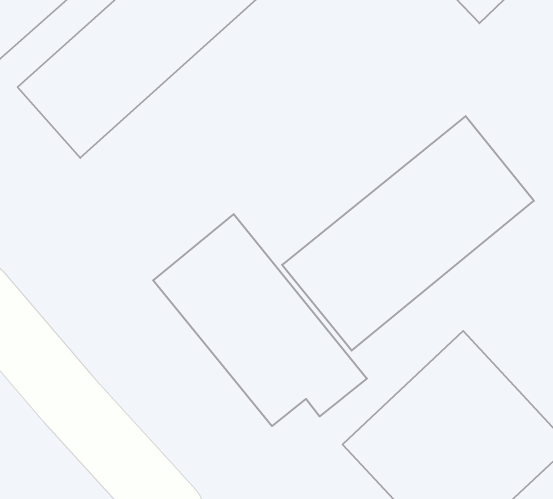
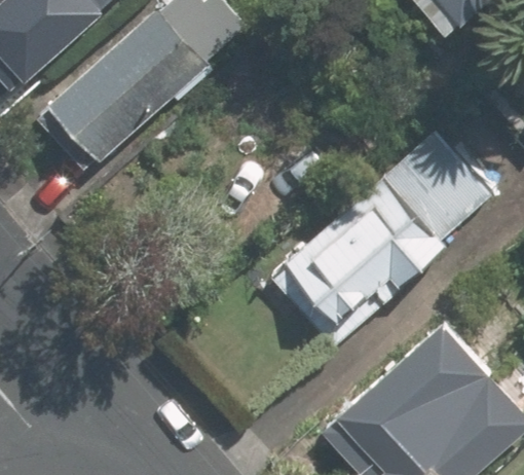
building: [153,214,367,426] -> none

